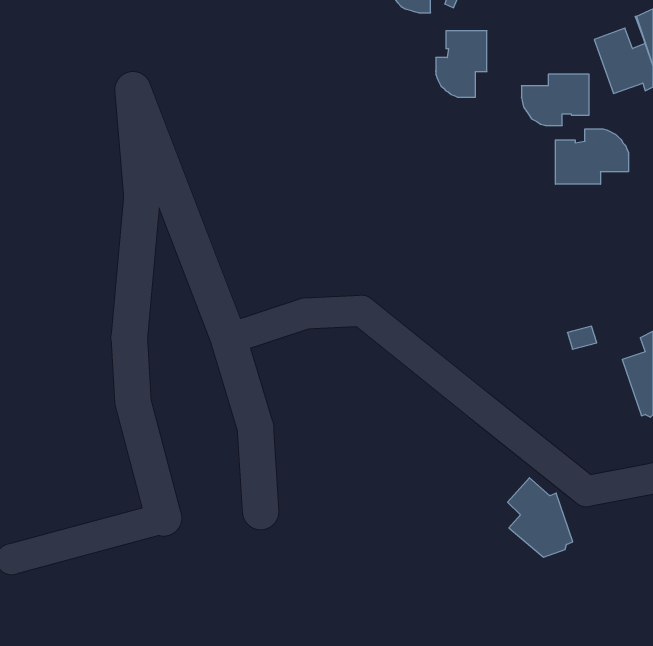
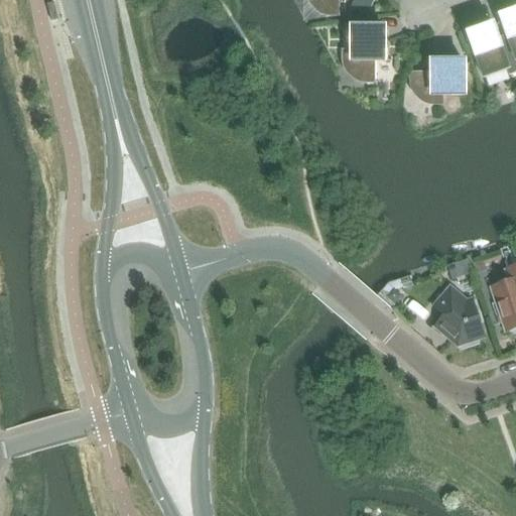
building: [555,129,628,184] -> none
building: [508,478,573,557] -> [433,283,485,346]

